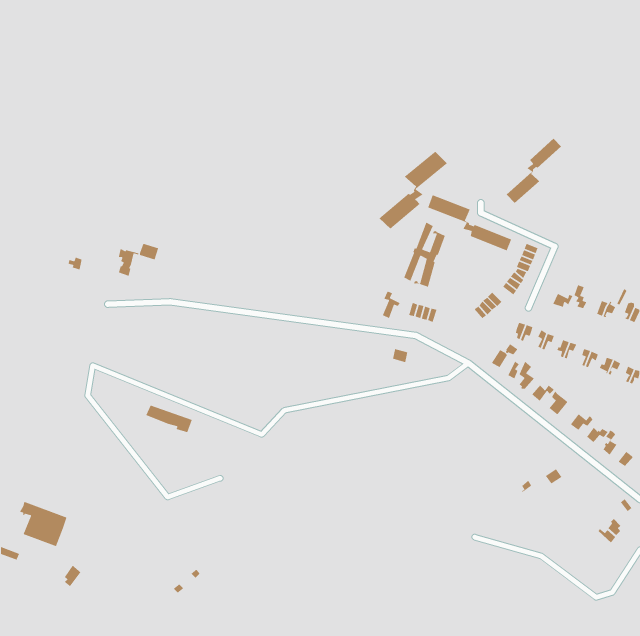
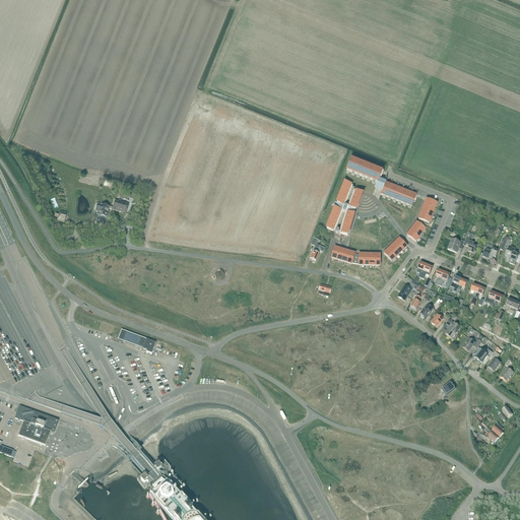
building: [506,138,562,204] -> none
building: [378,151,448,229] -> none

